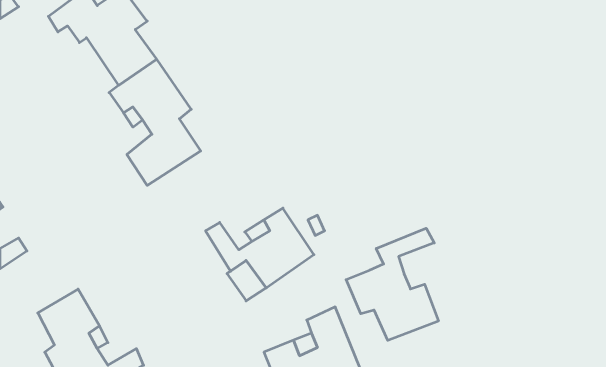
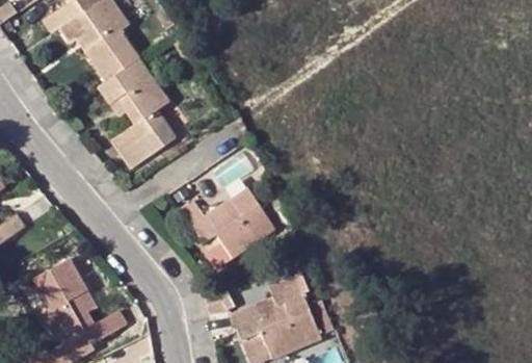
building: [346,228,438,340] -> none

